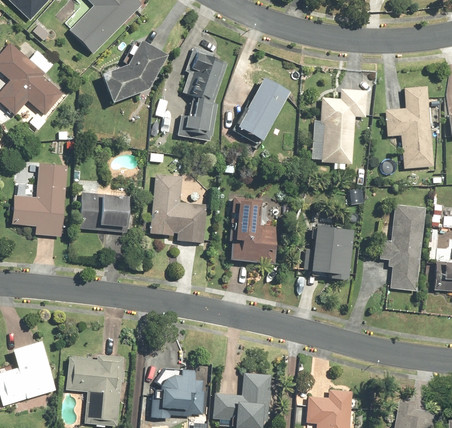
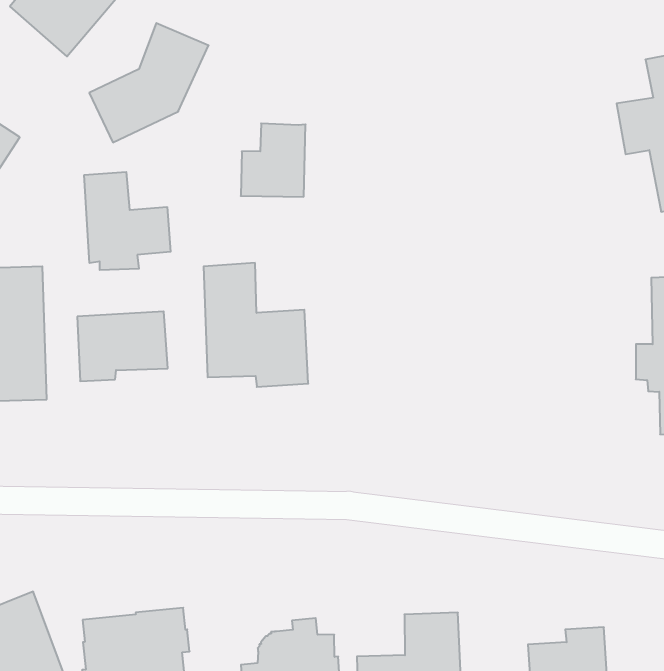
building: [183,53,225,102] -> none
building: [237,76,292,140] -> none
building: [310,89,369,170] -> none
building: none -> [84,172,171,270]
building: [230,198,277,263] -> none
building: [312,226,355,281] -> none

